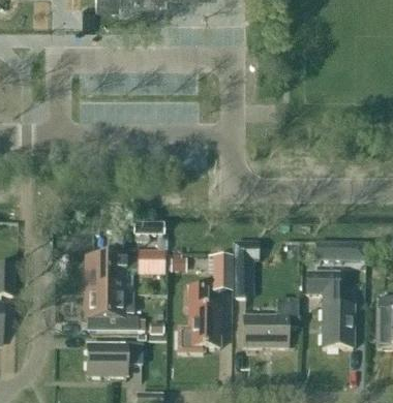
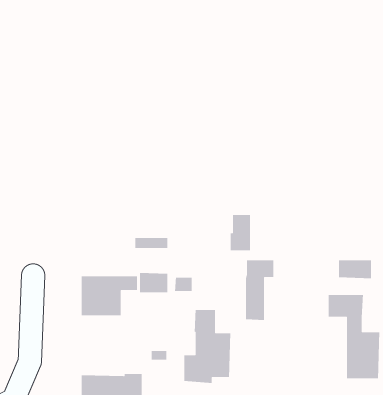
building: [215,255,234,288] -> [230,214,251,251]
building: [88,291,139,330] -> none
building: [244,299,299,347] -> none

